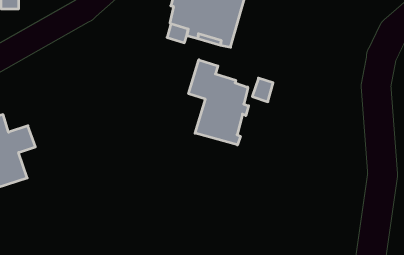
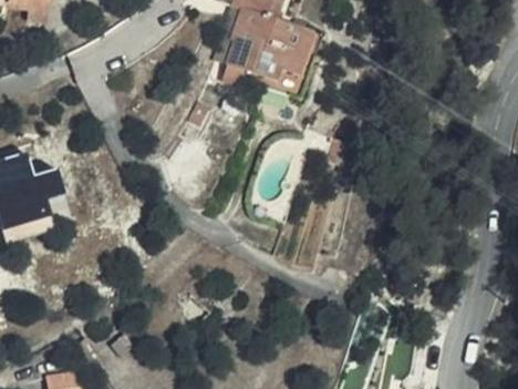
building: [189,60,249,145] -> none

